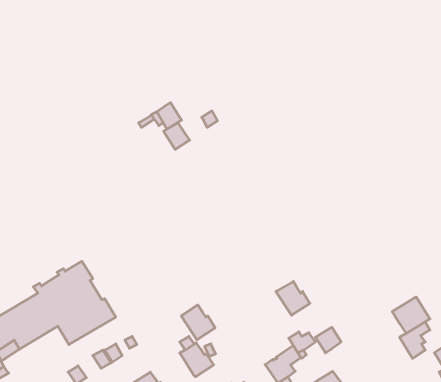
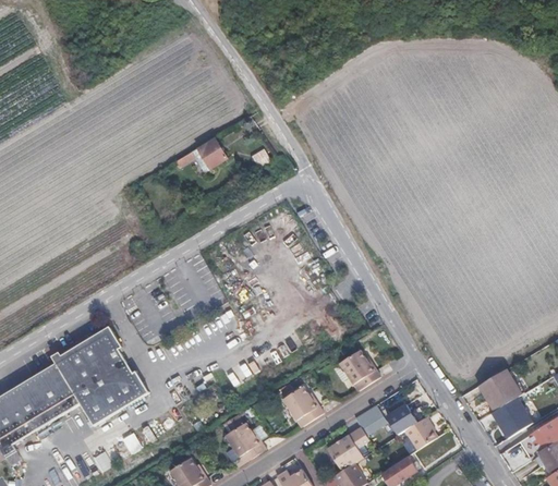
building: [164,123,190,149] -> none
building: [181,305,215,340] -> [282,386,323,427]
building: none -> [404,416,437,449]

